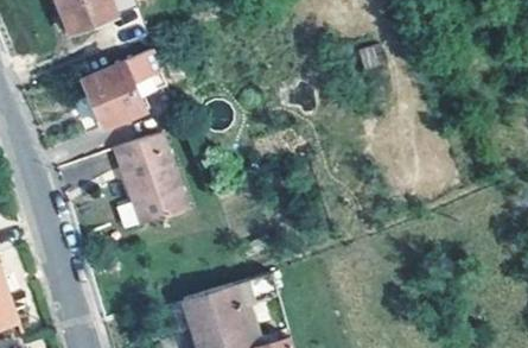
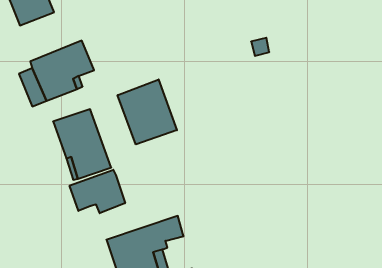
building: none -> [118,79,177,144]
building: none -> [70,170,125,213]

